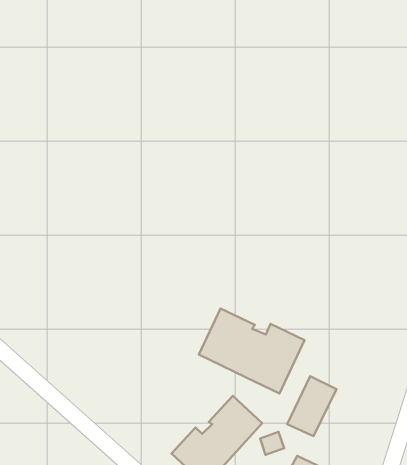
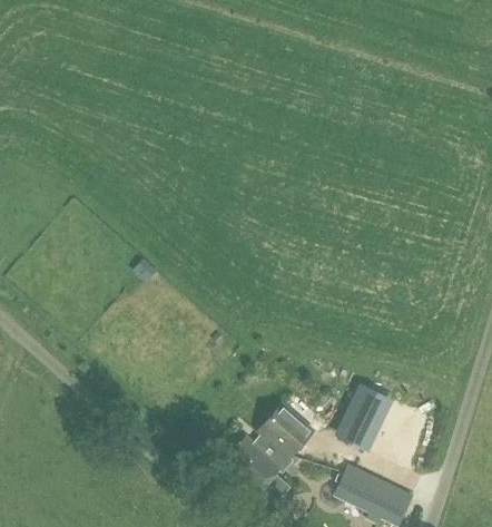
building: [199,308,305,393] -> none

